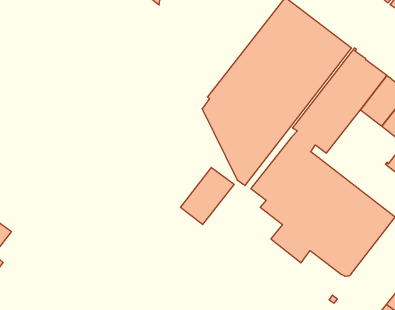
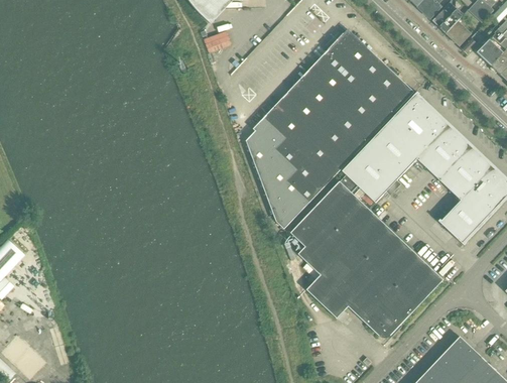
building: [181,167,234,225] -> none

